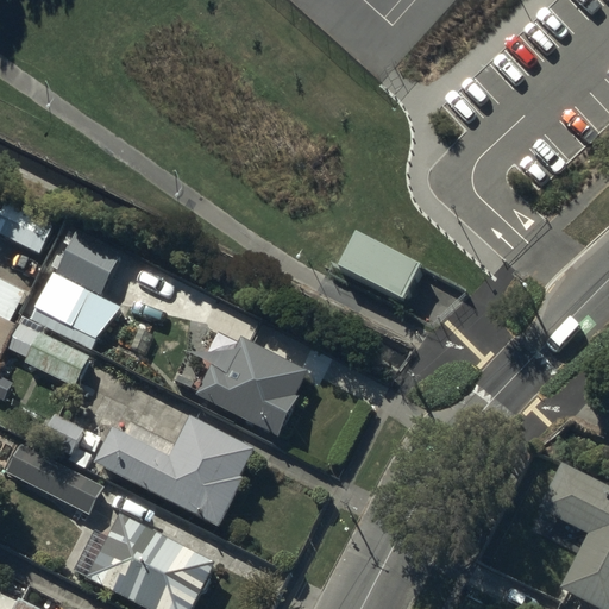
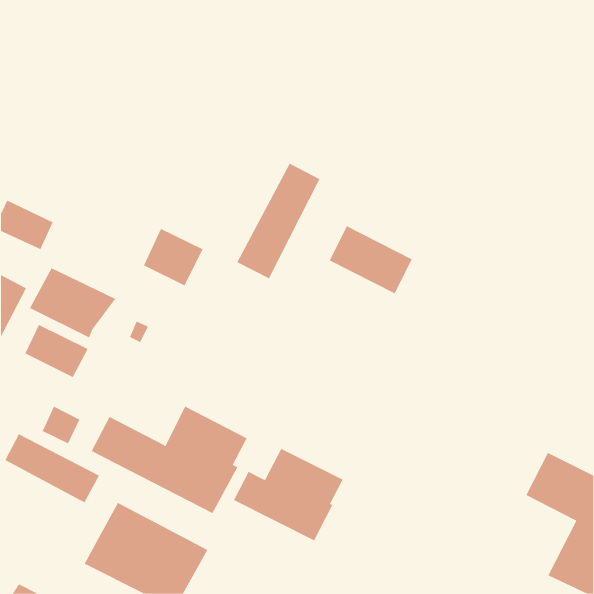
building: none -> [237,163,320,279]
building: [57,232,119,291] -> [143,228,204,286]
building: [196,338,309,433] -> [233,448,343,541]

